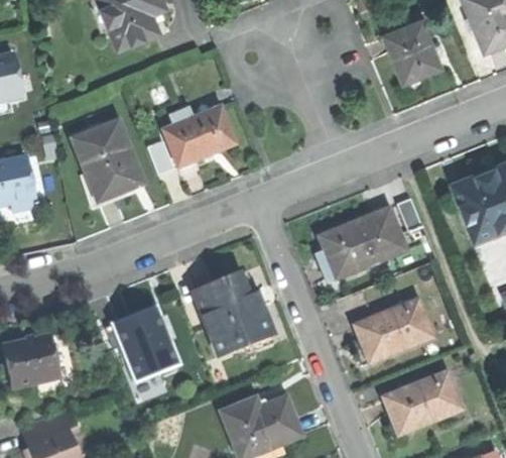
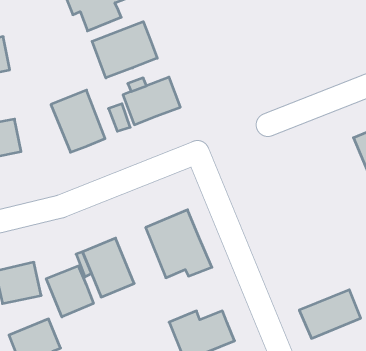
building: [382,17,441,82] -> none
building: none -> [92,22,157,78]
building: [318,207,405,278] -> none
building: [354,300,431,361] -> none
building: none -> [46,266,93,317]

